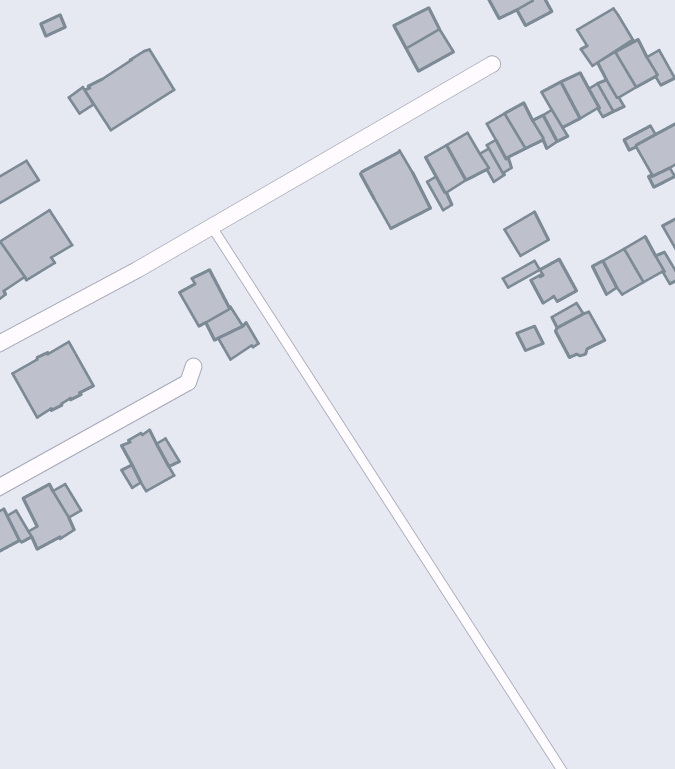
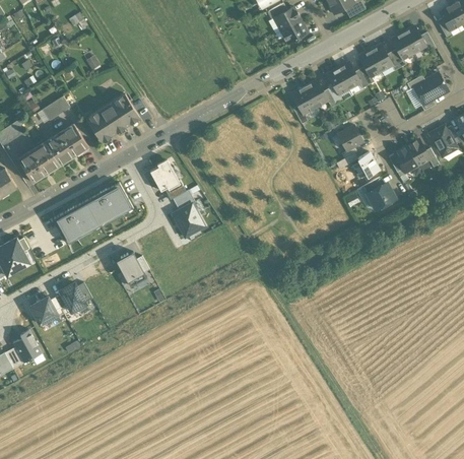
building: [577,8,633,66] -> none
building: [85,49,174,130] -> [86,94,138,141]
building: [361,151,430,228] -> none
building: none -> [85,182,133,225]
building: none -> [172,202,204,237]

